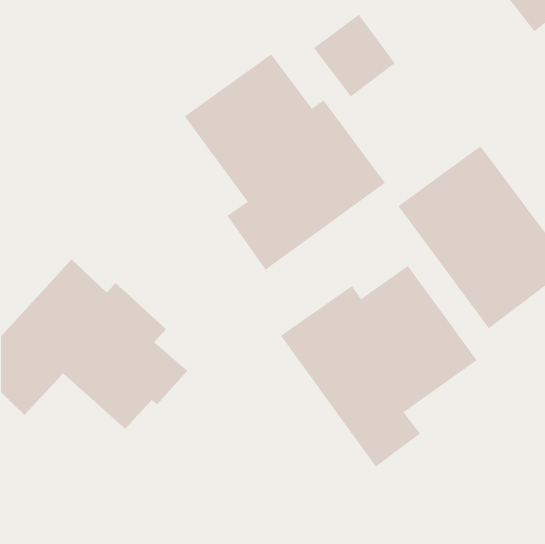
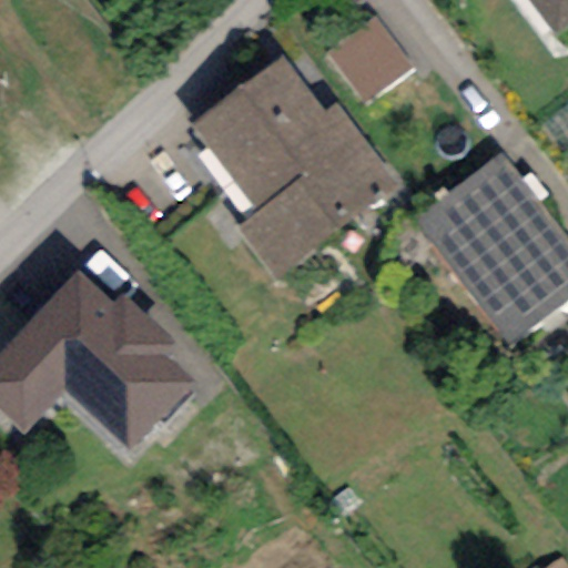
building: [280,265,477,468] -> none

